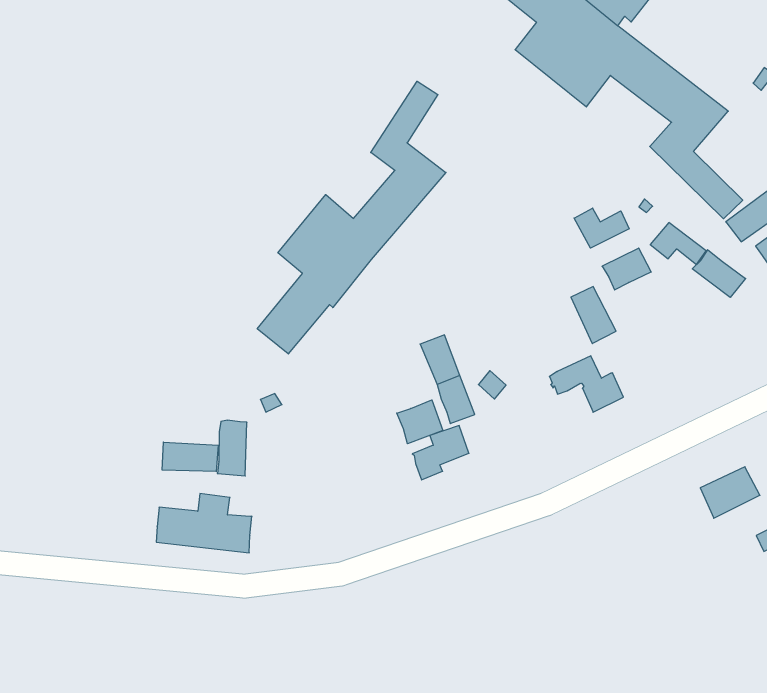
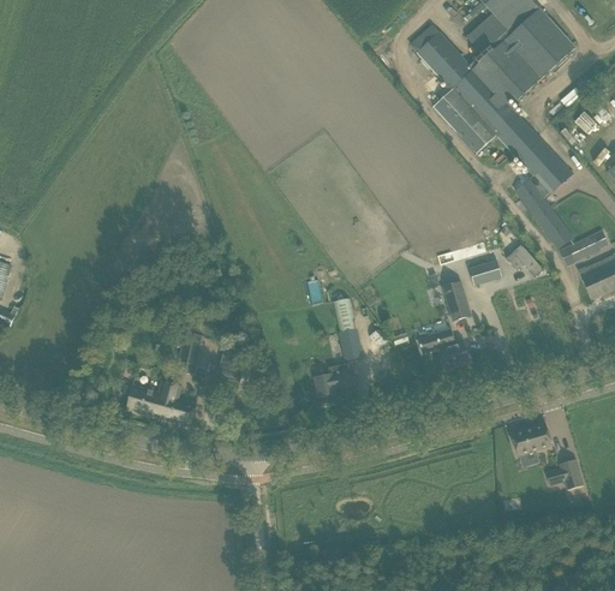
building: [257,81,446,354] -> none
building: [574,208,629,248] -> none
building: [692,250,746,297] -> none
building: [397,400,443,444] -> none
building: [162,442,218,472] -> none

